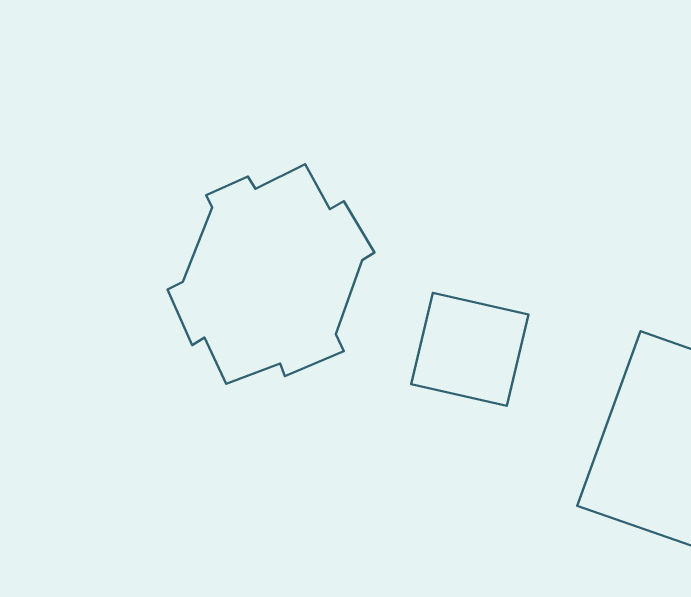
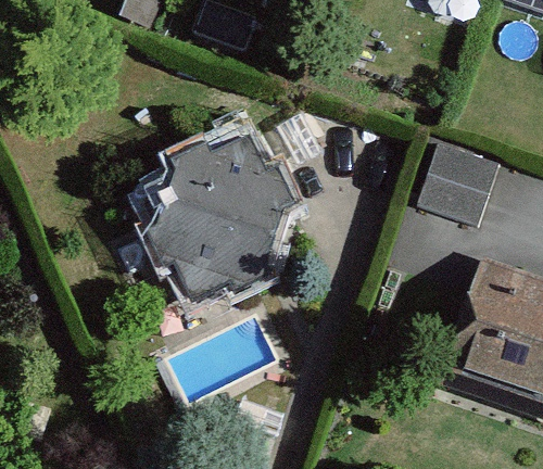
building: [411,293,529,406] -> [417,143,500,223]

